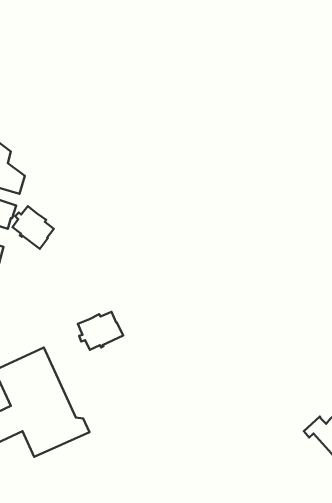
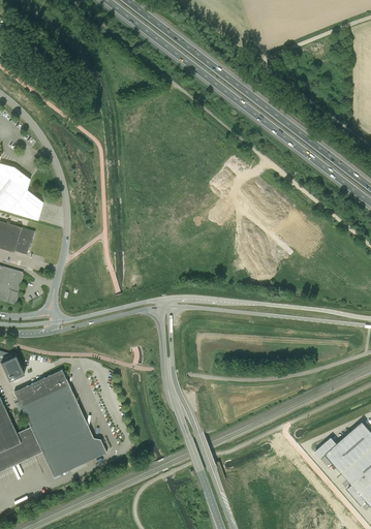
building: [12,206,54,249] -> none
building: [78,312,123,350] -> none

